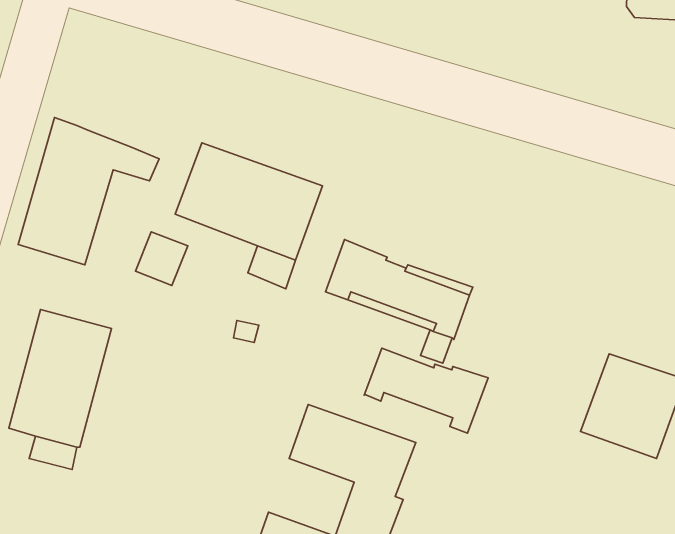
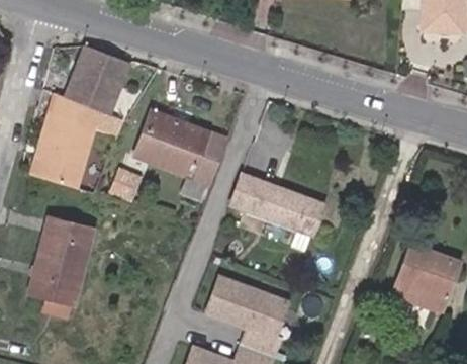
building: none -> [64,44,126,113]
building: [364,348,488,433] -> none

